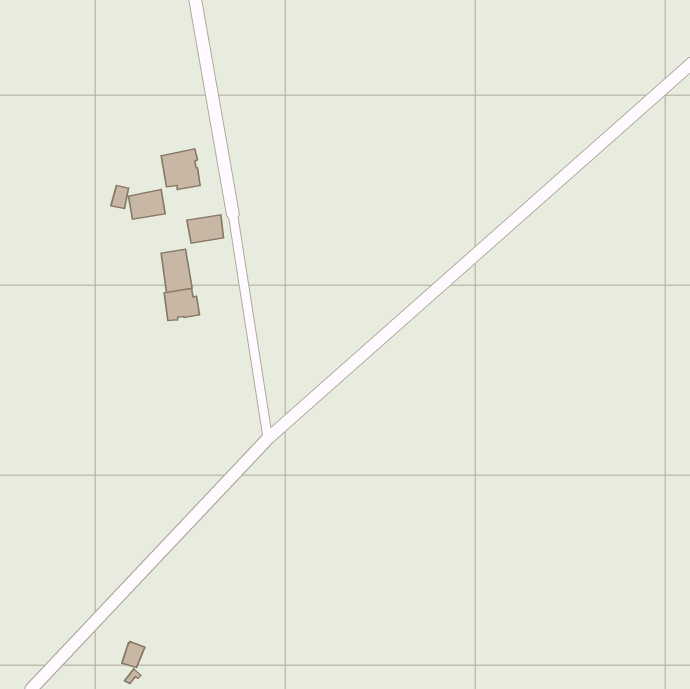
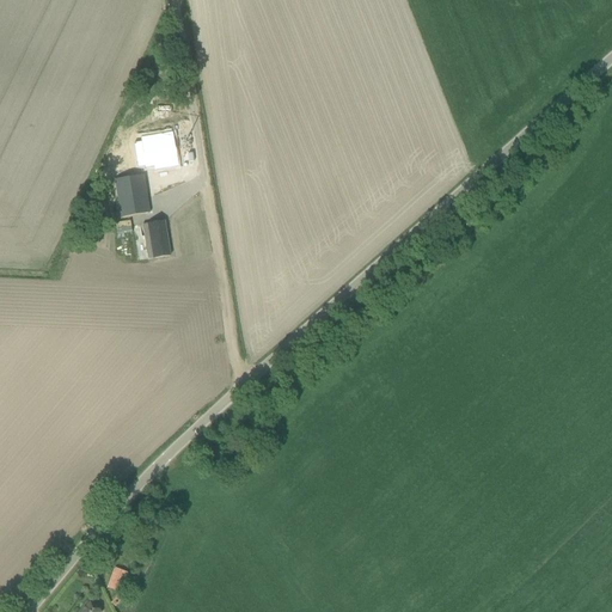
building: [187,215,224,243] -> [117,190,149,215]
building: [164,288,200,321] -> none

